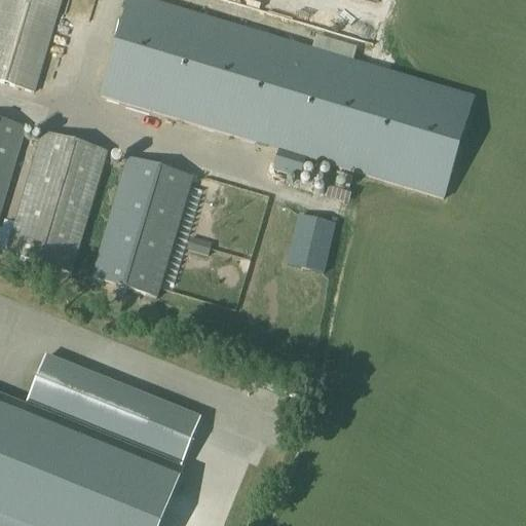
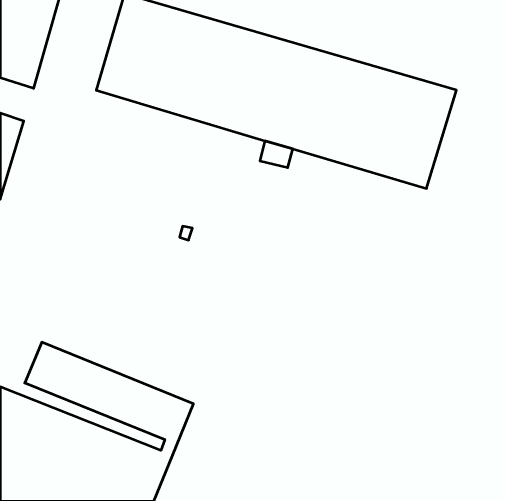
building: [6,132,107,271] -> none
building: [90,156,192,296] -> none
building: [287,212,334,269] -> none

